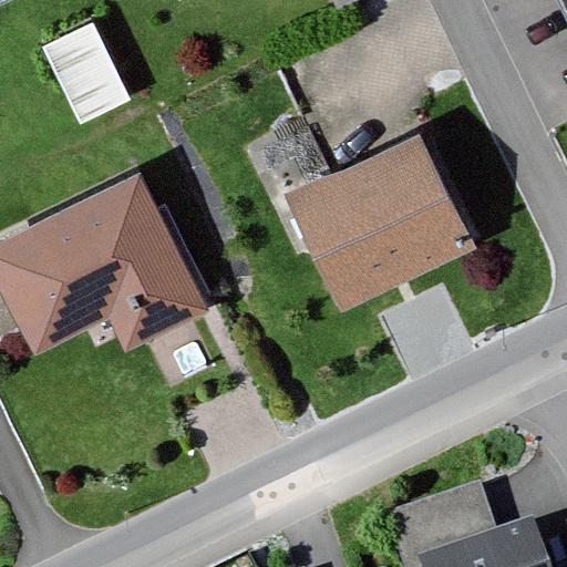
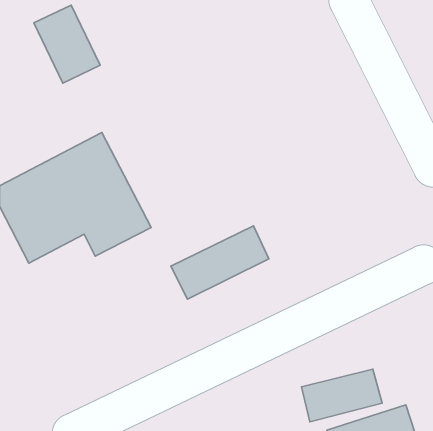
building: [291,142,461,302] -> none
building: none -> [171,226,269,299]

